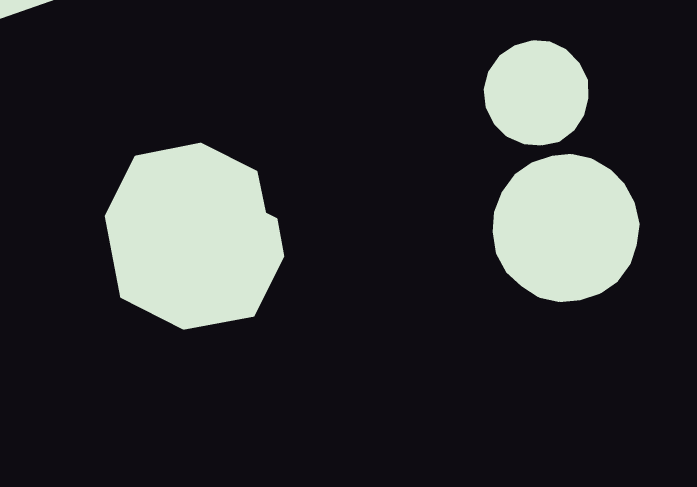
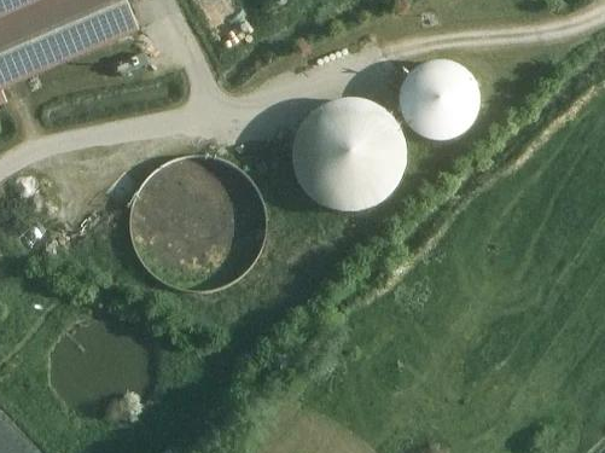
building: [492,154,640,302] -> [292,98,401,208]

